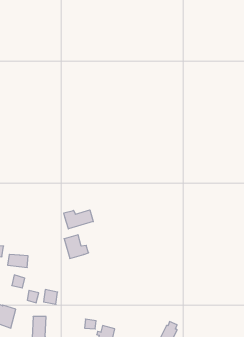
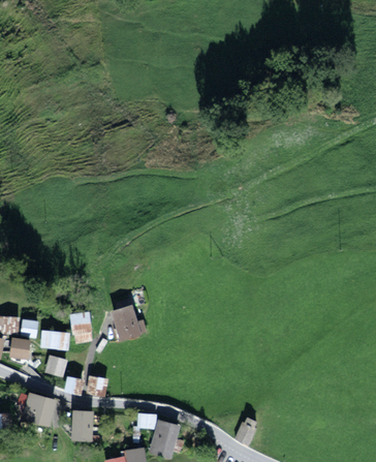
building: [64,210,93,229] -> none
building: none -> [71,313,90,341]

